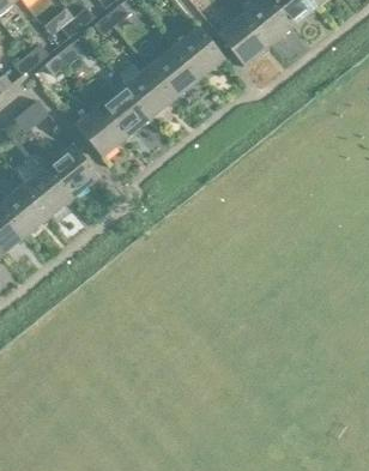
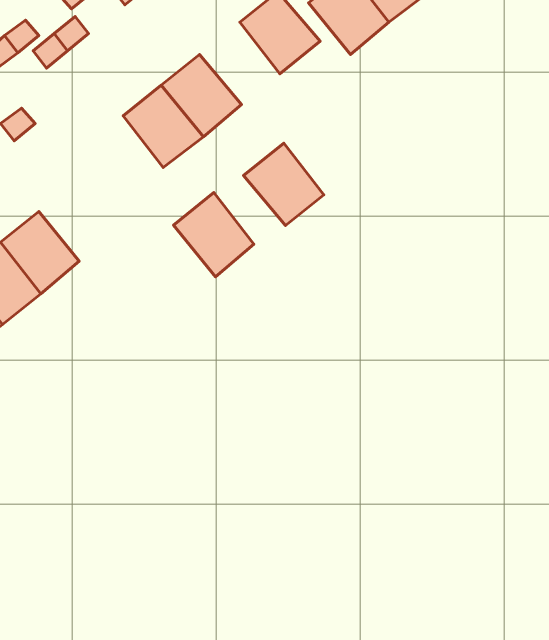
building: [149,46,199,97] -> [244,143,324,225]
building: [75,104,126,157] -> [174,193,254,277]
building: [48,144,98,195] -> none

